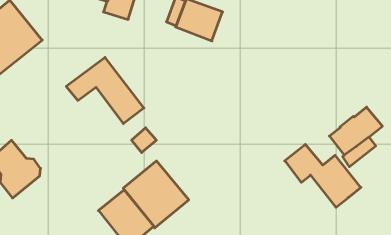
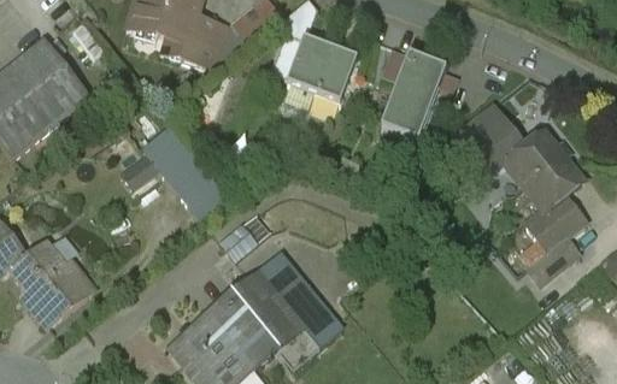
building: none -> [378,52,441,136]
building: [285,144,361,207] -> [470,117,581,208]
building: none -> [257,253,342,348]

